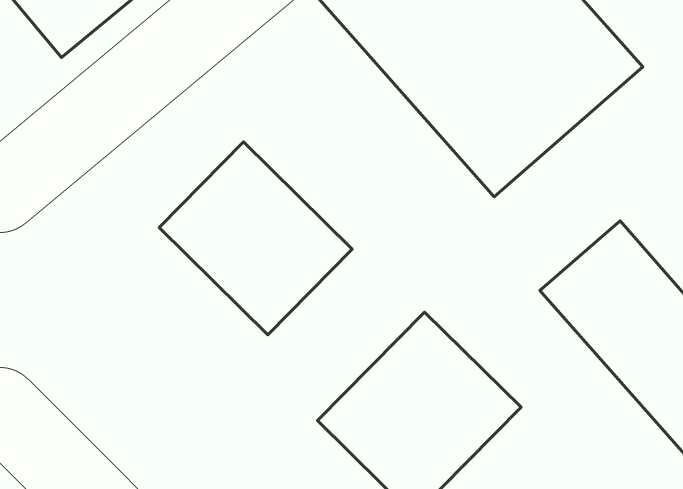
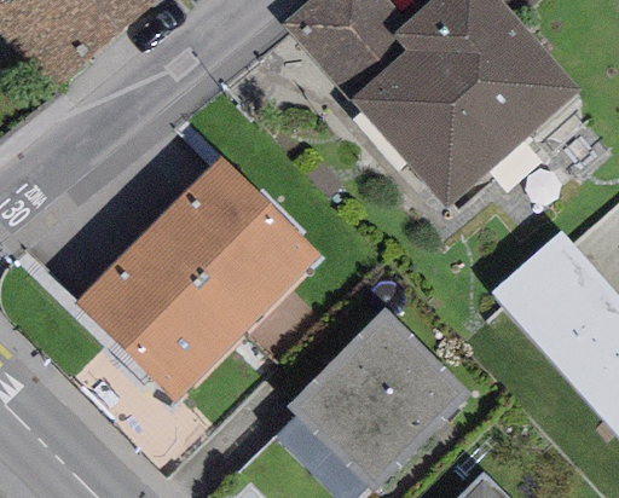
building: none -> [73,234,243,403]

